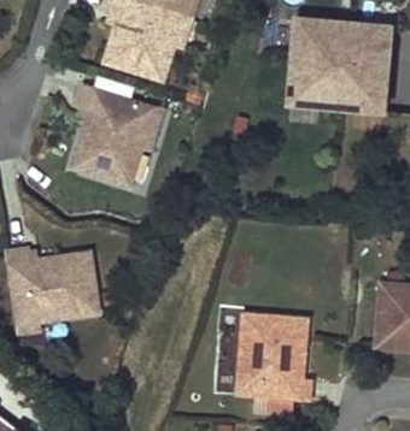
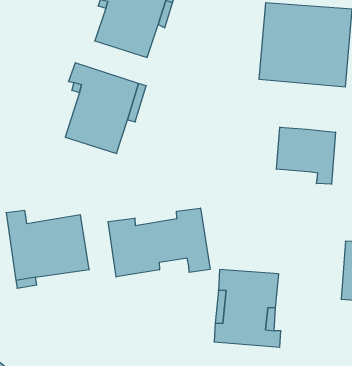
building: none -> [276,127,335,184]
building: none -> [108,208,210,277]

